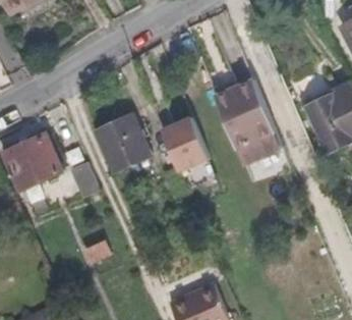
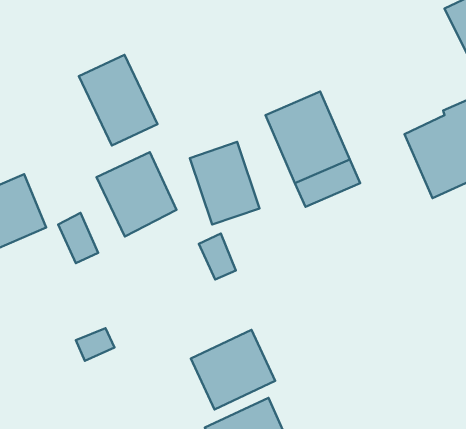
building: none -> [79,55,157,146]
building: none -> [191,330,275,409]

